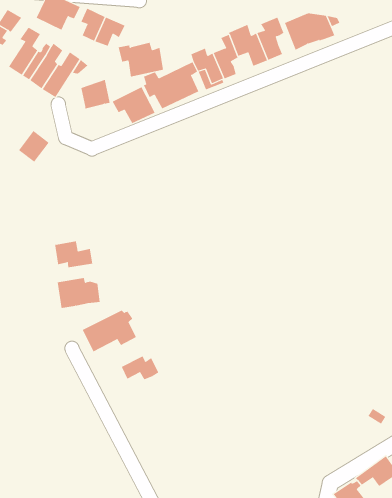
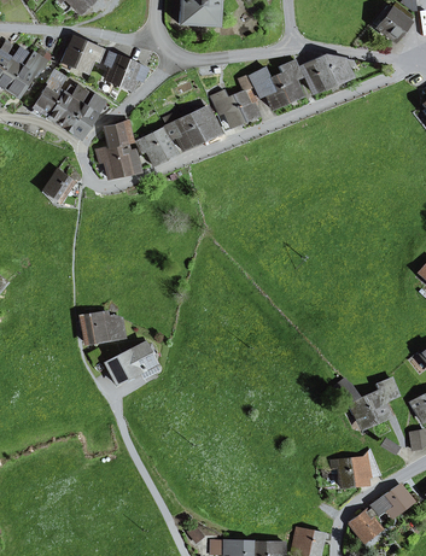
building: [118,42,164,77] -> [95,145,140,178]
building: [55,240,93,268] -> none
building: none -> [334,379,397,426]
building: [121,356,159,380] -> none
building: none -> [331,450,379,487]

